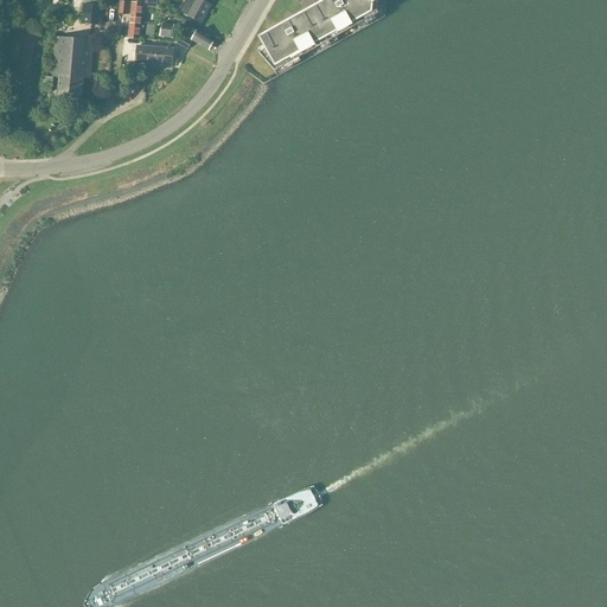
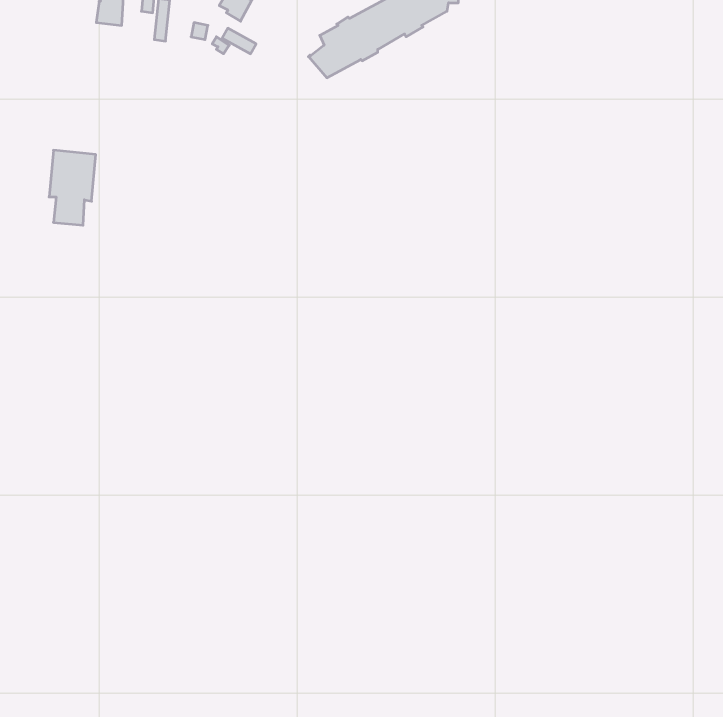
building: [53,32,92,95] -> [49,150,96,225]
building: [136,41,173,62] -> none

